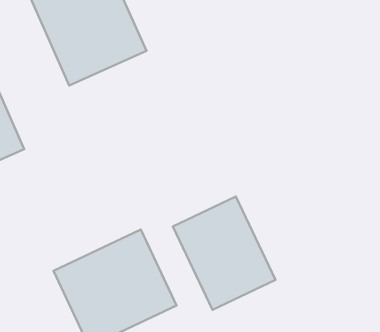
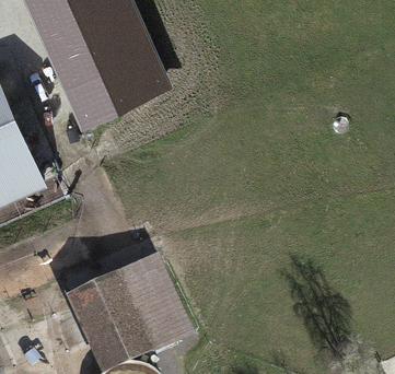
building: [173,196,276,310] -> none

